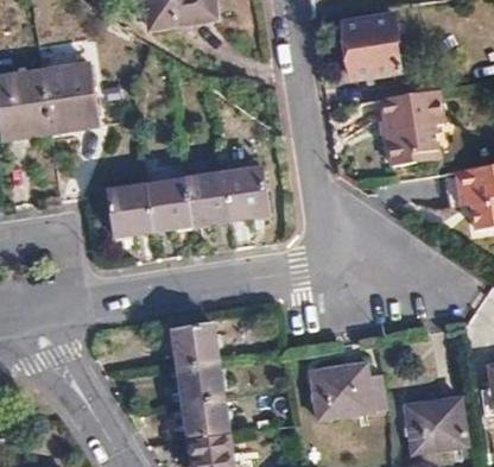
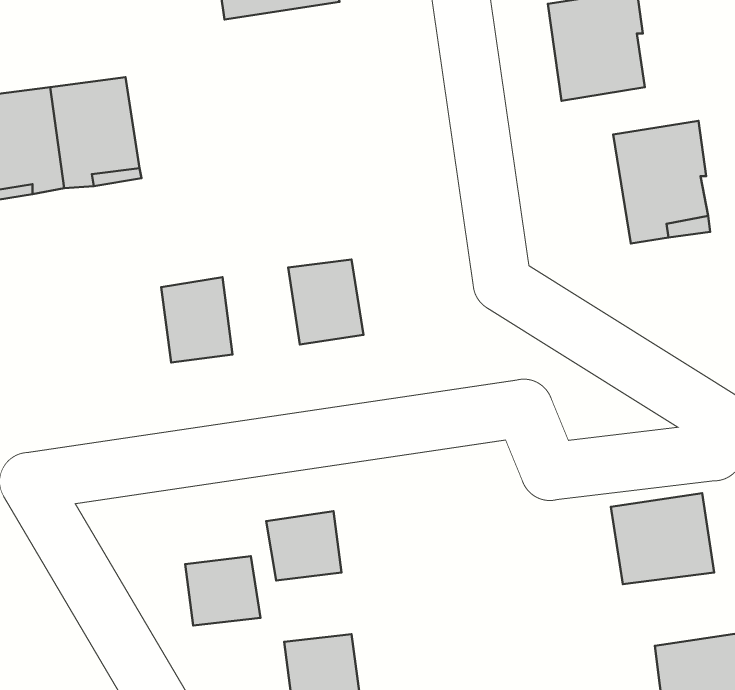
building: [222,168,266,219] -> none
building: [145,178,191,231] -> none
building: [177,361,222,403] -> [185,556,261,626]
building: [309,362,370,417] -> [611,493,714,584]

